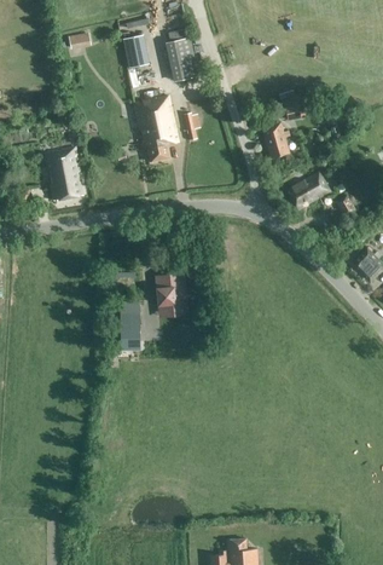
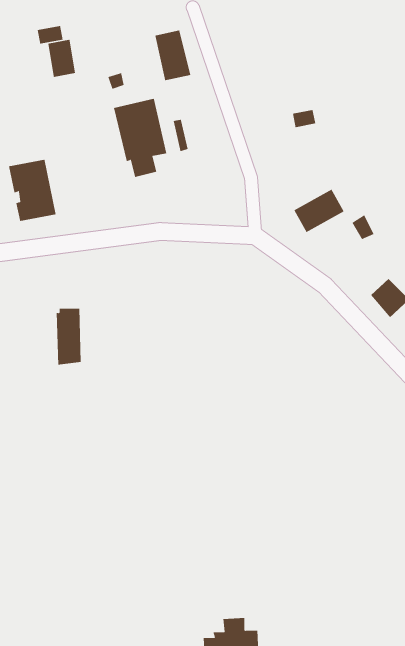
building: [123,35,147,68] -> [48,39,76,77]
building: [262,122,289,157] -> none
building: [158,273,185,307] -> none
building: [120,301,141,350] -> [56,308,82,365]

